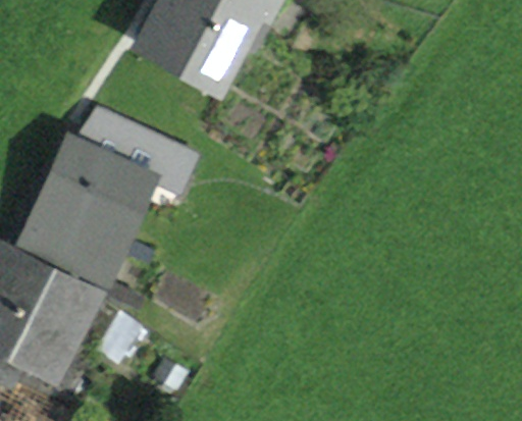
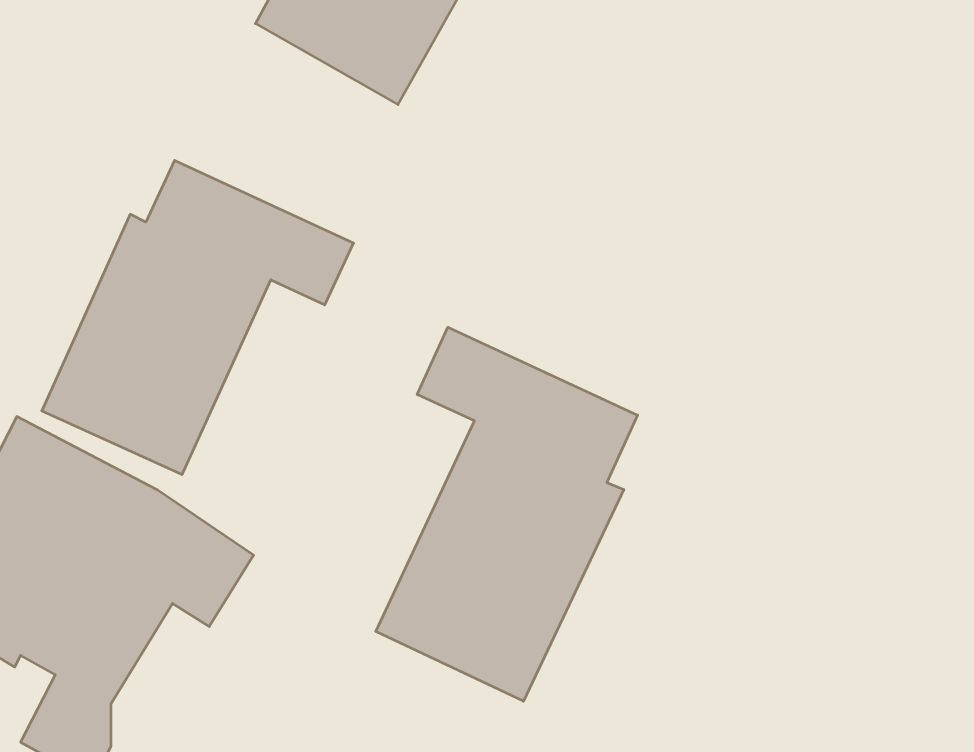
building: none -> [376,327,638,701]

